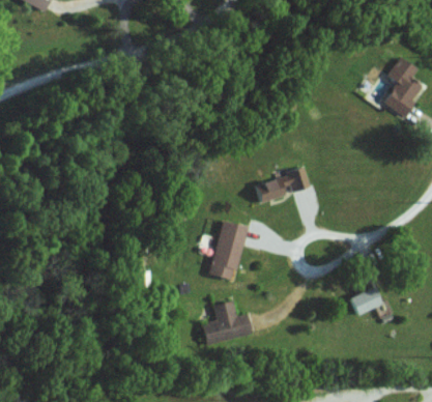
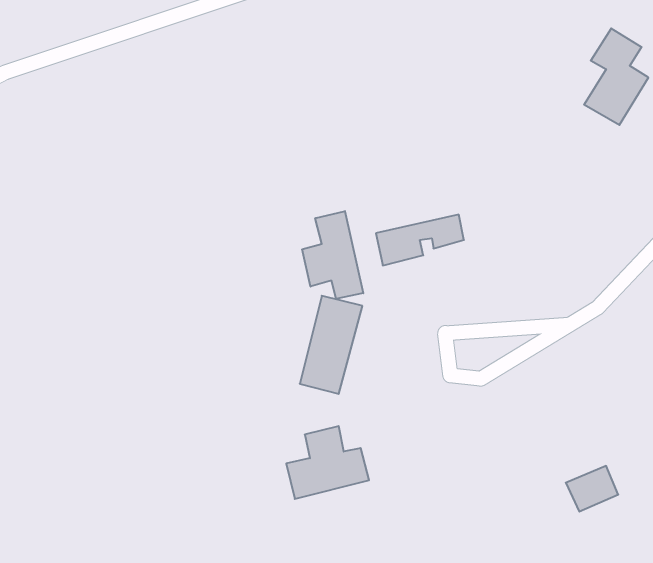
building: none -> [302,211,363,299]
building: [349,286,381,314] -> [566,466,618,512]

